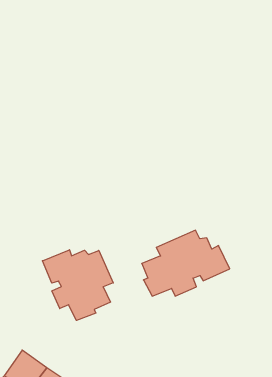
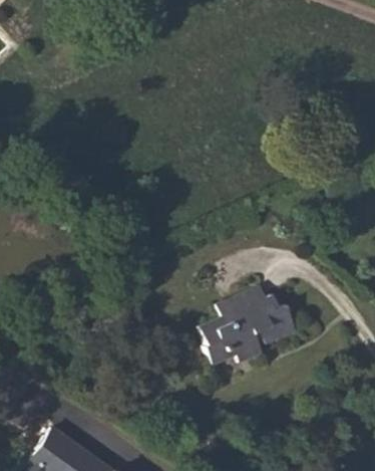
building: [42,250,113,320] -> none

